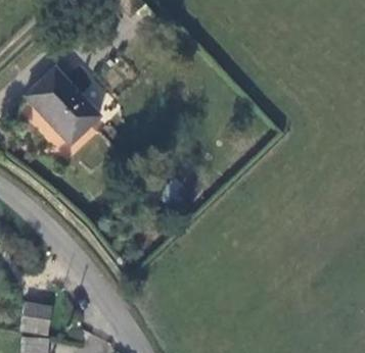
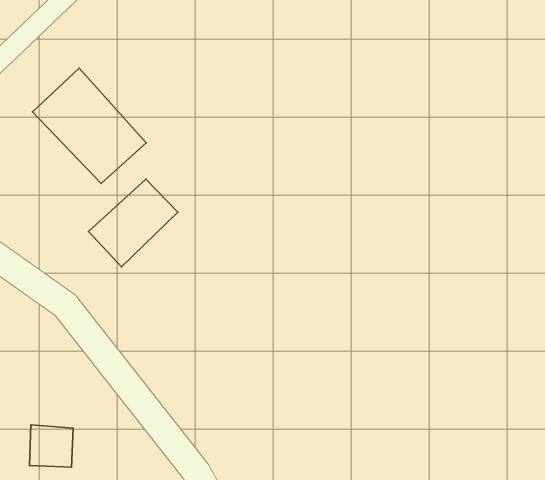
building: none -> [88,179,178,267]

